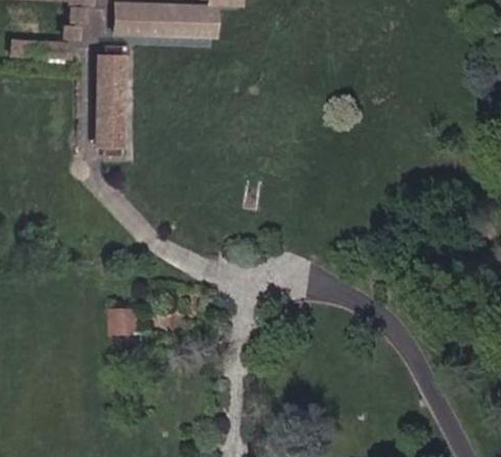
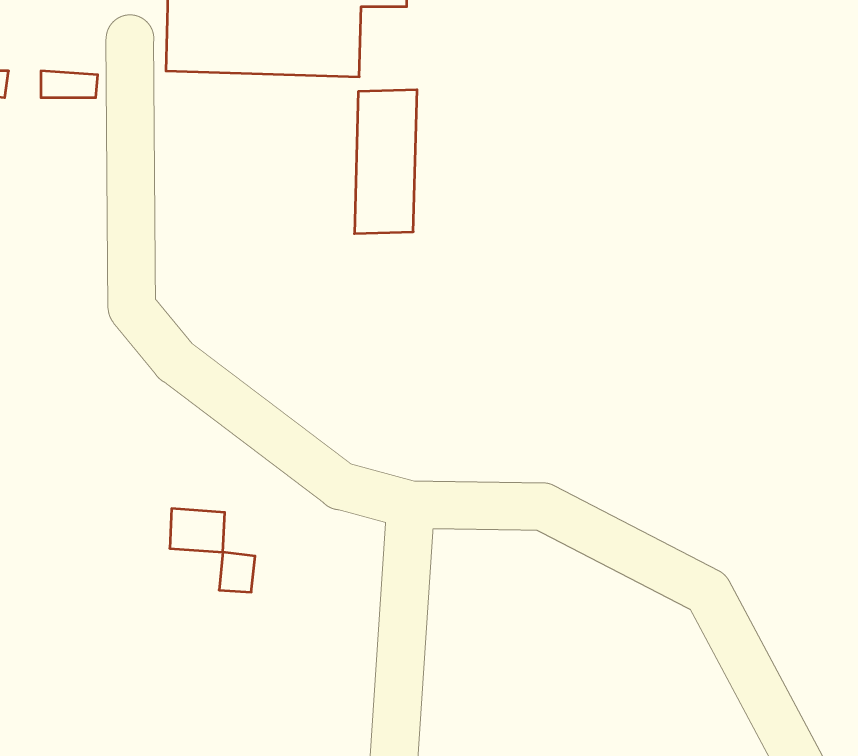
building: [95,66,129,144] -> [354,90,417,234]

